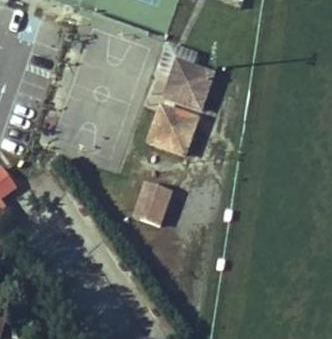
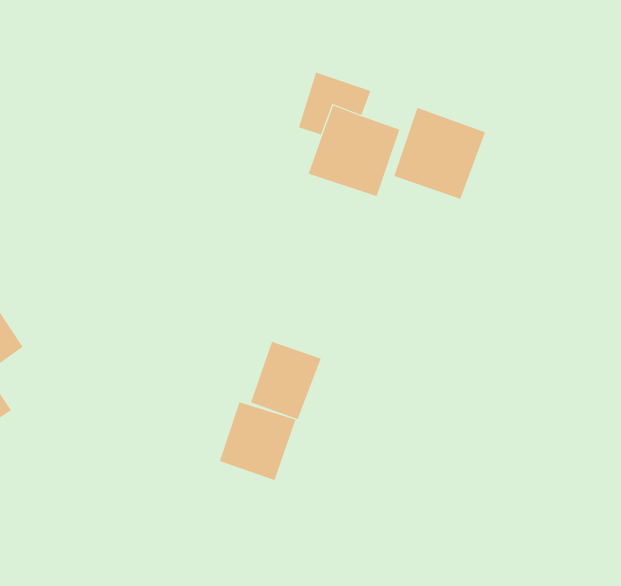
building: [149,105,197,153] -> [394,107,486,199]
building: none -> [219,402,296,481]

